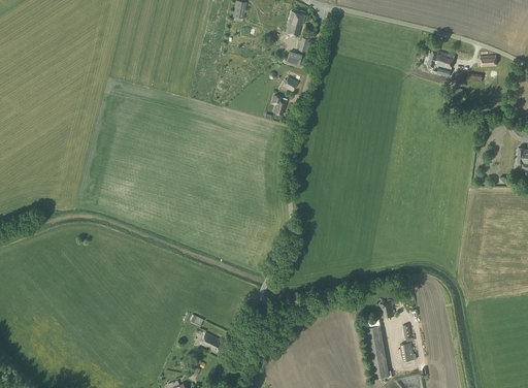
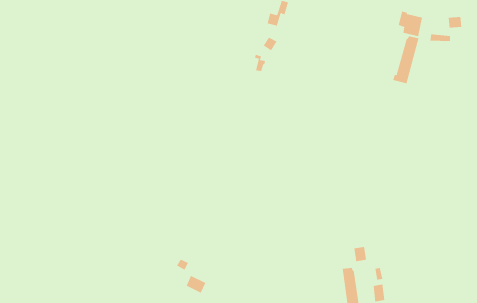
building: none -> [393,35,419,84]

